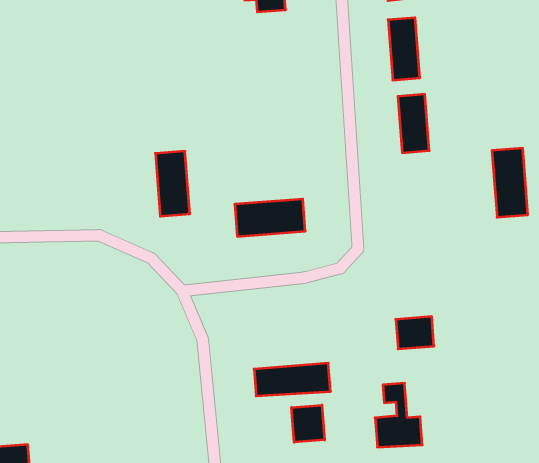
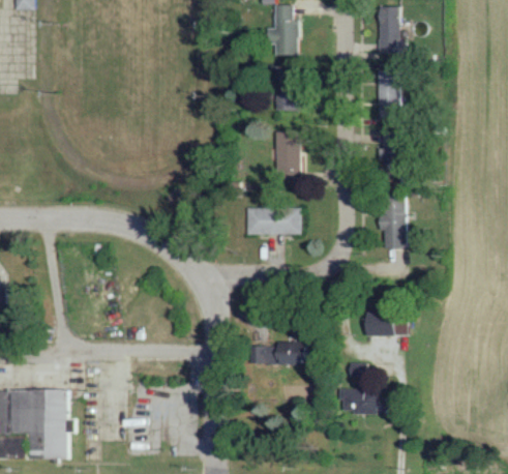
building: none -> [274,69,296,112]
building: [492,148,528,217] -> [382,195,407,248]
building: [155,151,190,216] -> [275,132,299,183]
building: [292,405,325,442] -> none

